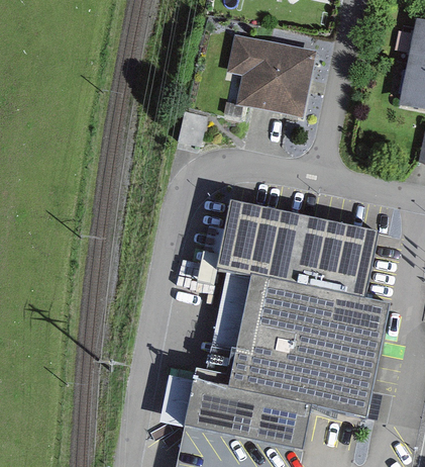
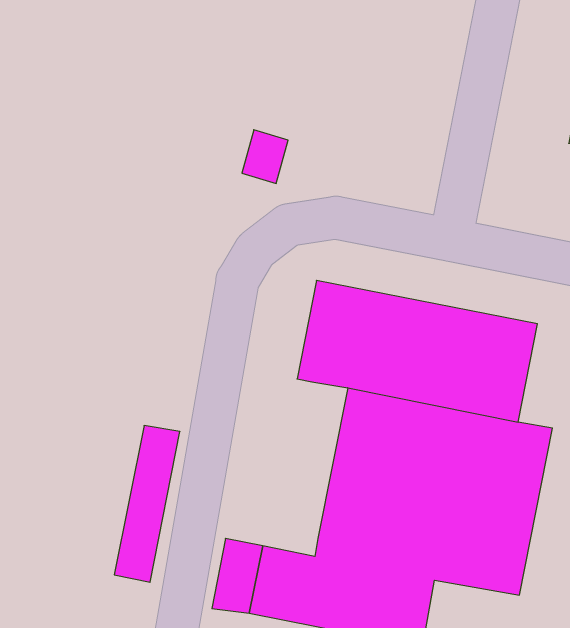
building: [221,32,318,114] -> none
building: [206,270,250,376] -> [114,426,180,582]

